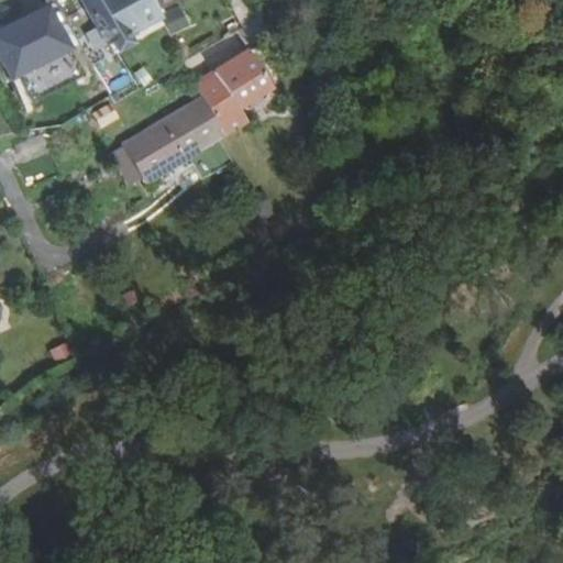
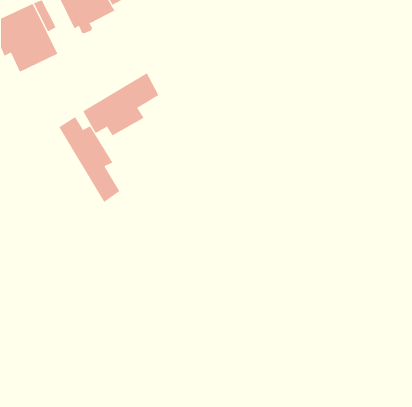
building: [192,44,272,130] -> none
building: none -> [58,116,120,203]

